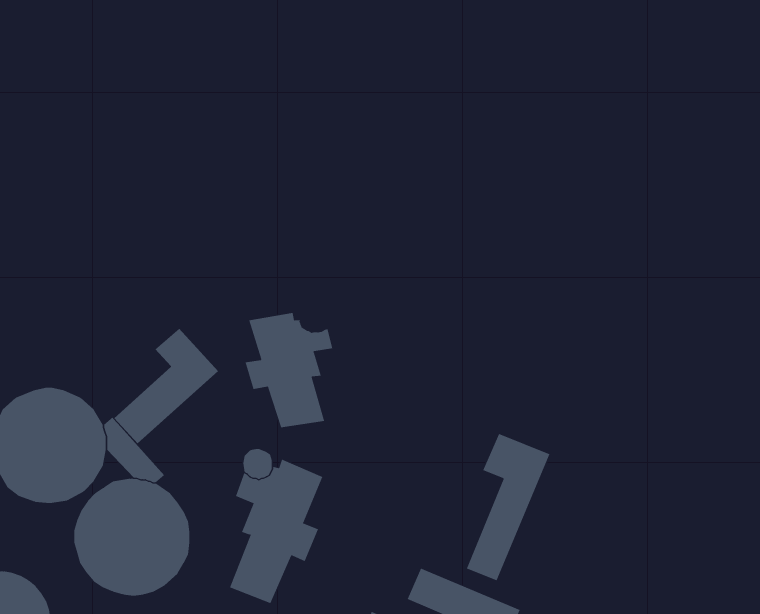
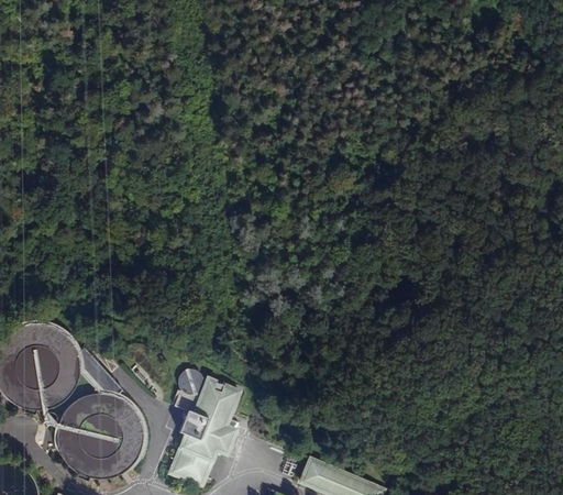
building: [245,312,333,428] -> none
building: [114,328,219,444] -> none
building: [466,433,550,581] -> none

